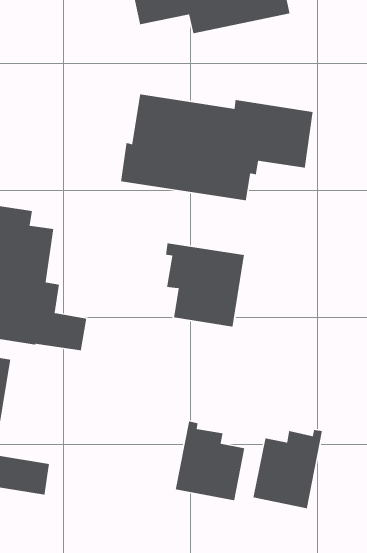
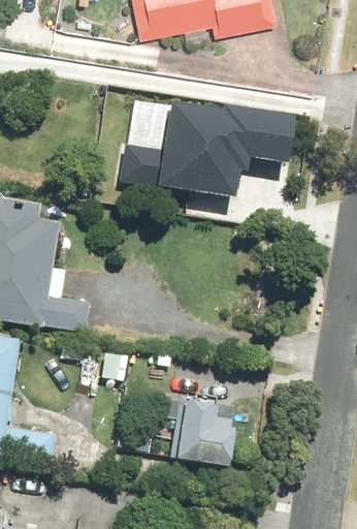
building: [165,243,245,327] -> none
building: [253,429,323,509] -> none

